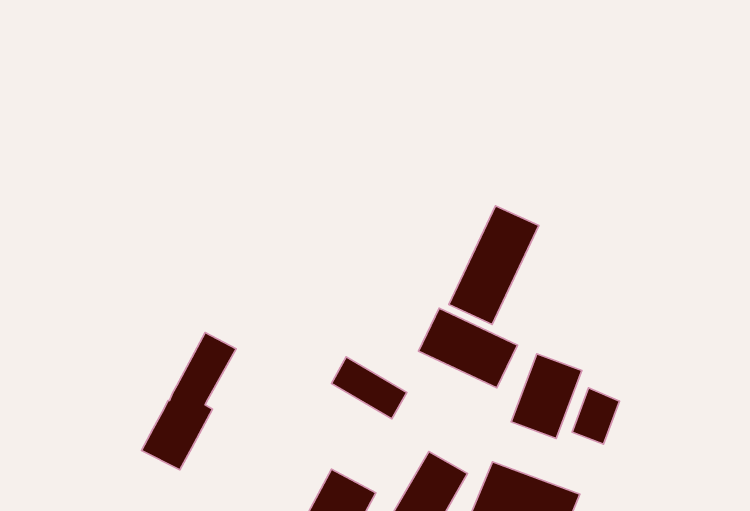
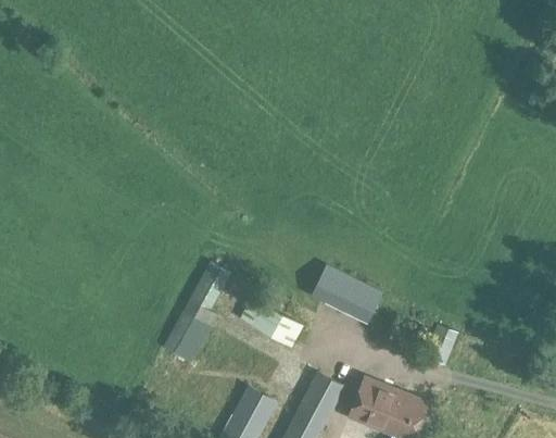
building: [449,206,539,324] -> none
building: [141,332,236,470] -> [163,261,232,362]
building: [511,354,582,439] -> none

